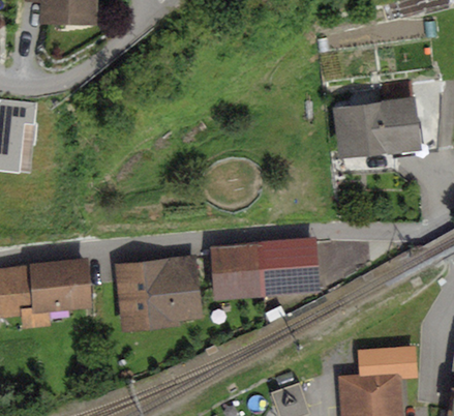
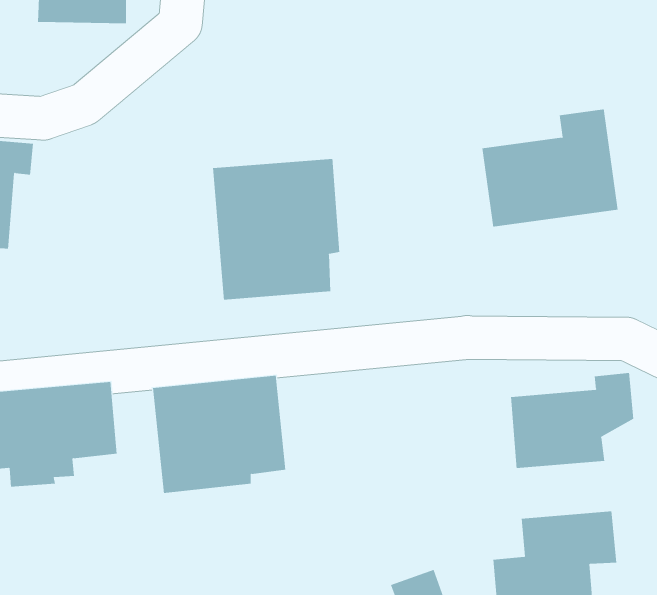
building: none -> [213,158,340,301]
building: [210,238,321,300] -> none
building: none -> [511,372,634,469]

